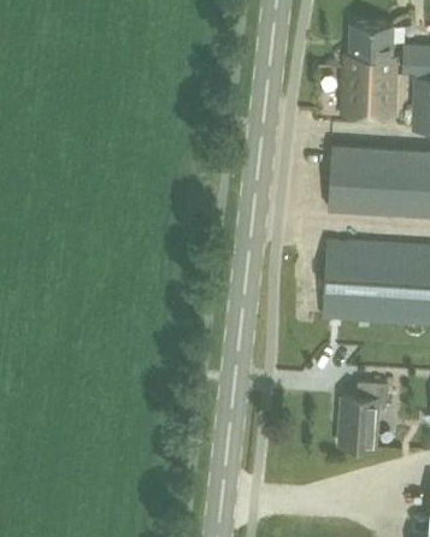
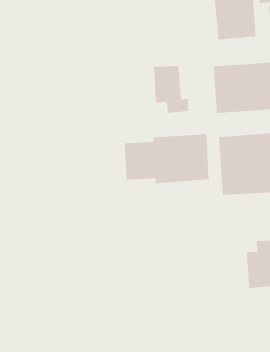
building: none -> [153,65,189,113]
building: none -> [124,133,210,184]

